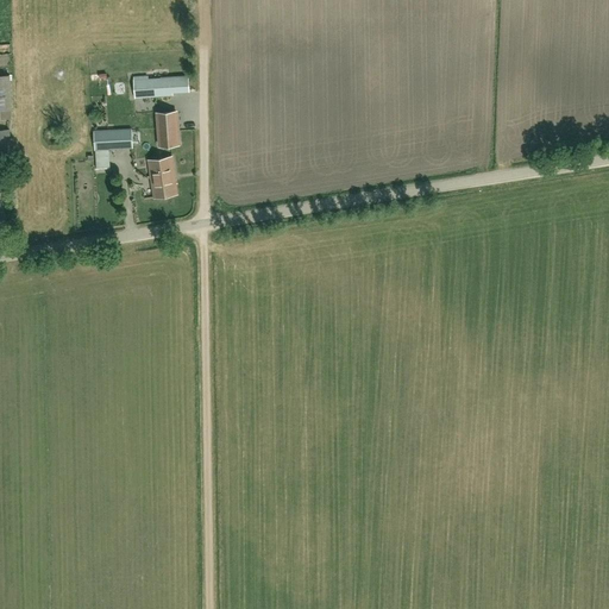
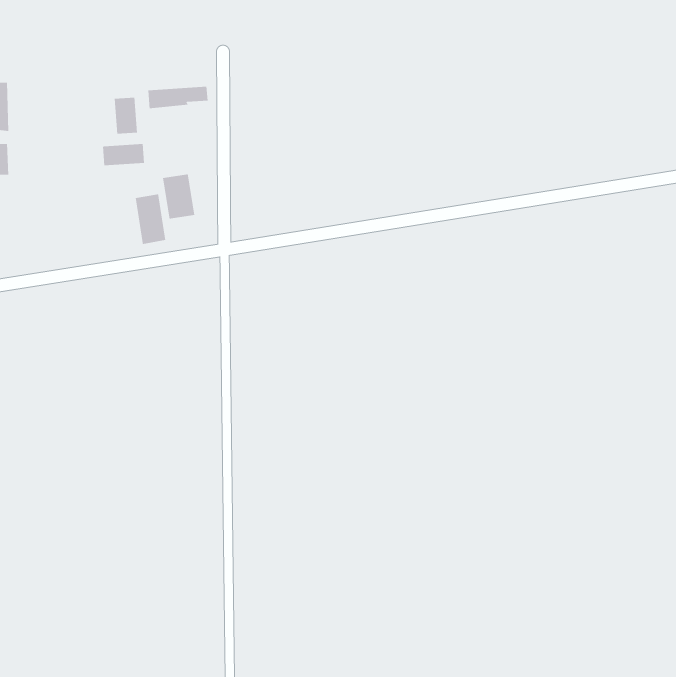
building: [156,111,177,144] -> [114,97,138,134]
building: none -> [135,194,166,245]

